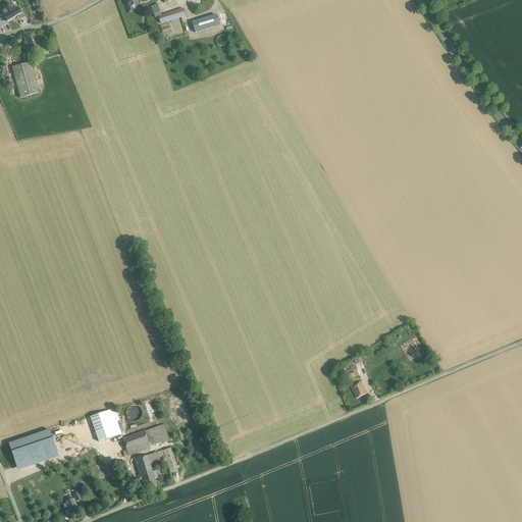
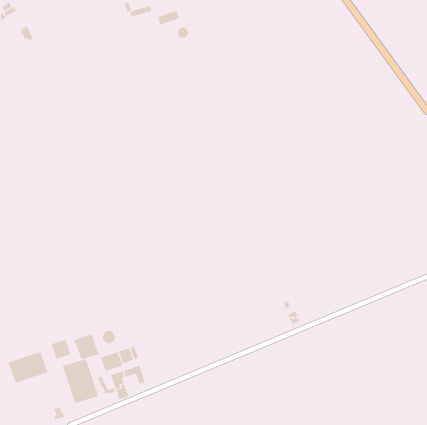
building: [12,61,39,96] -> none
building: none -> [51,339,71,359]
building: none -> [62,358,99,404]

